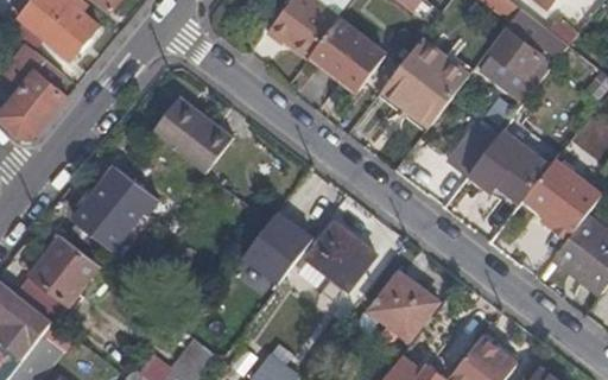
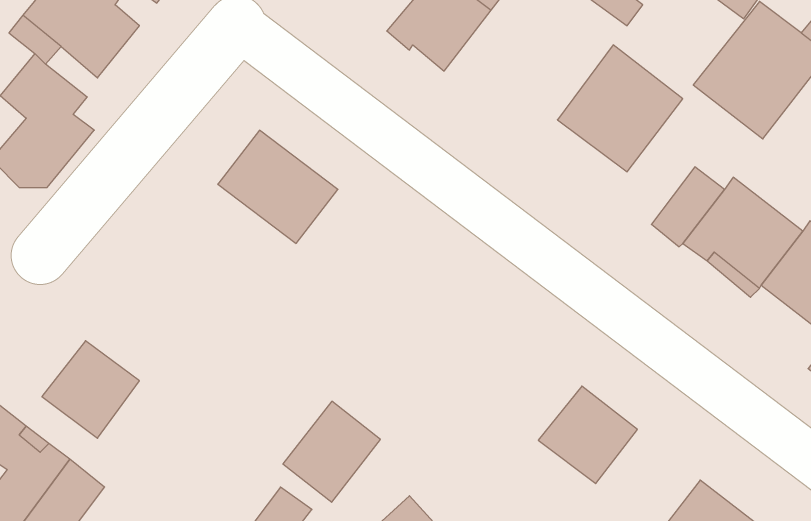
building: [309,18,384,90] -> none
building: [72,166,157,249] -> none
building: [246,213,312,281] -> [283,401,380,502]
building: [306,221,374,289] -> none

